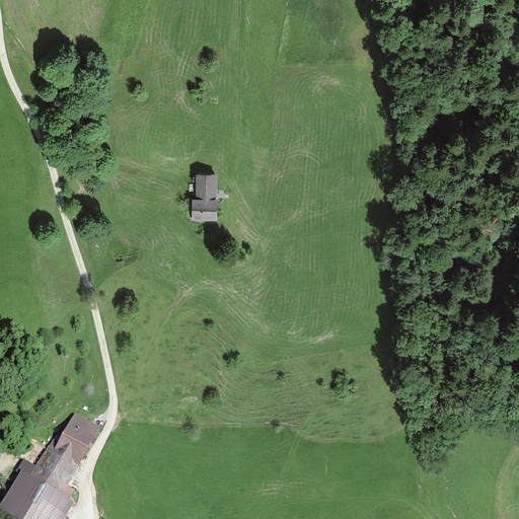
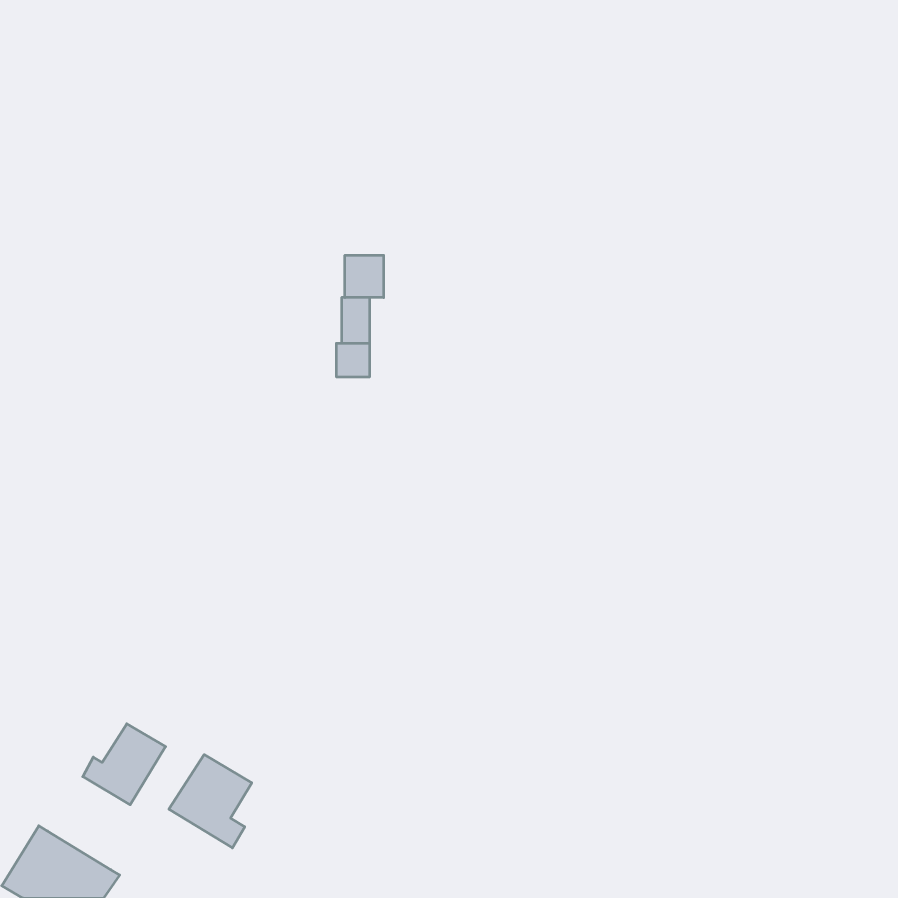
building: none -> [345,255,384,298]
building: [28,447,76,501] -> [169,755,252,848]

